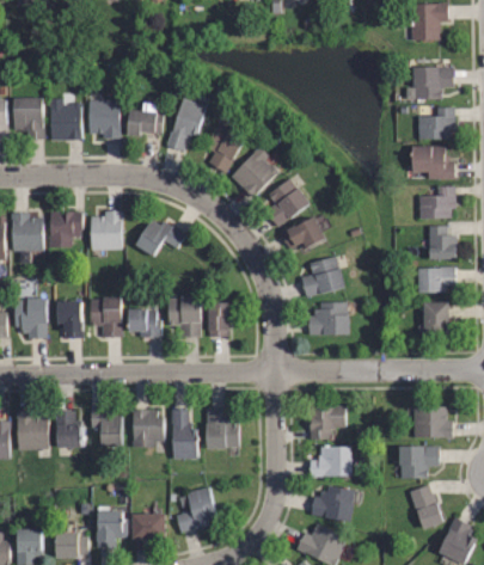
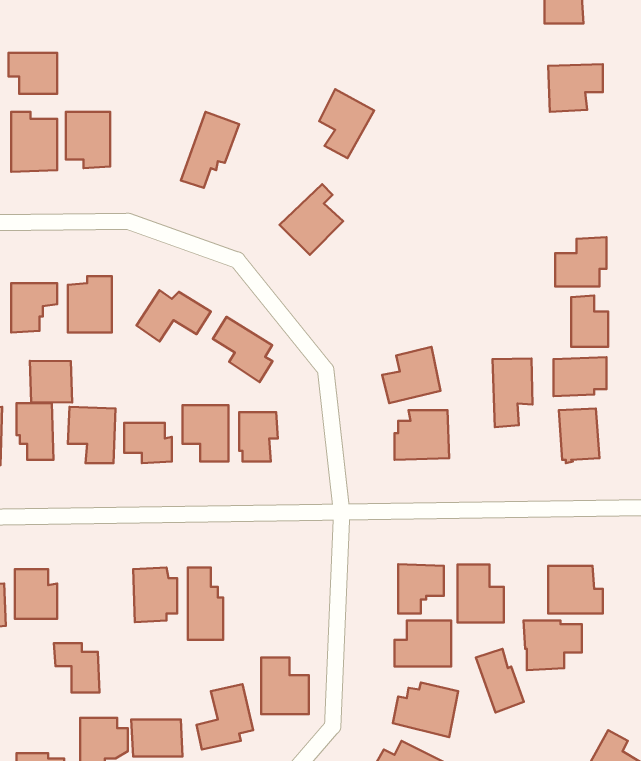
building: none -> [8,53,57,94]
building: [125,104,163,135] -> none
building: [418,106,453,140] -> none
building: [207,125,244,172] -> [319,89,374,158]
building: [412,146,453,178] -> none
building: [266,180,307,226] -> none
building: [282,217,325,252] -> none
building: none -> [213,317,272,382]
building: none -> [493,358,533,427]
building: none -> [30,361,72,402]
building: none -> [458,564,504,622]
building: [206,409,238,447] -> [261,658,309,714]
building: [92,412,123,446] -> [54,643,100,693]
building: [409,483,441,526] -> [476,649,524,712]

